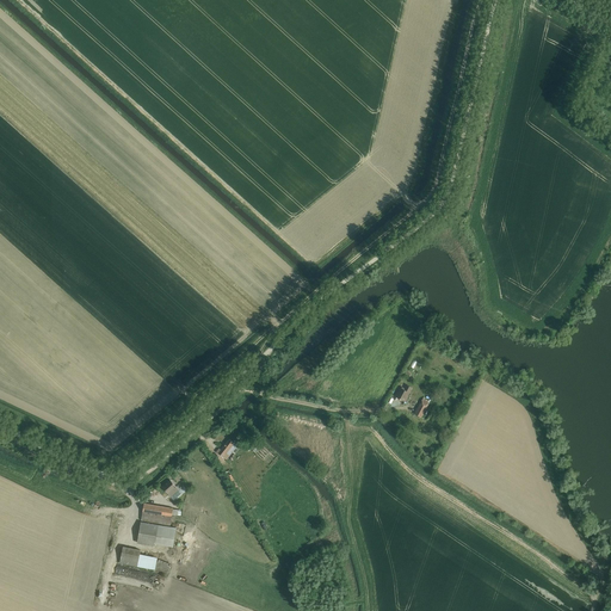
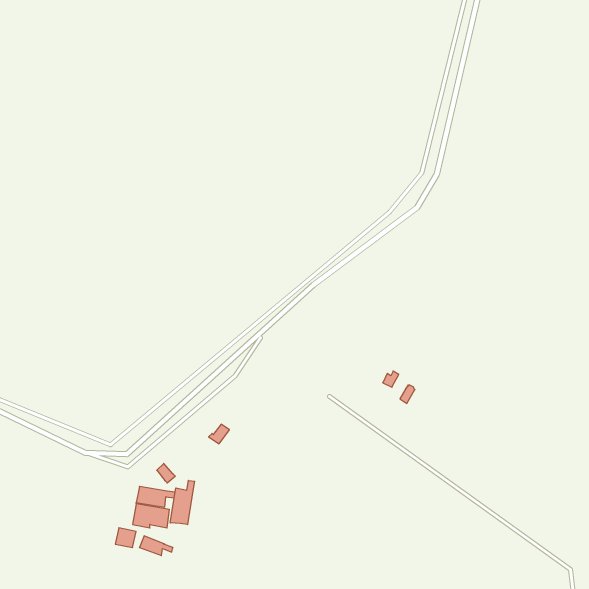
building: none -> [170,480,195,525]

